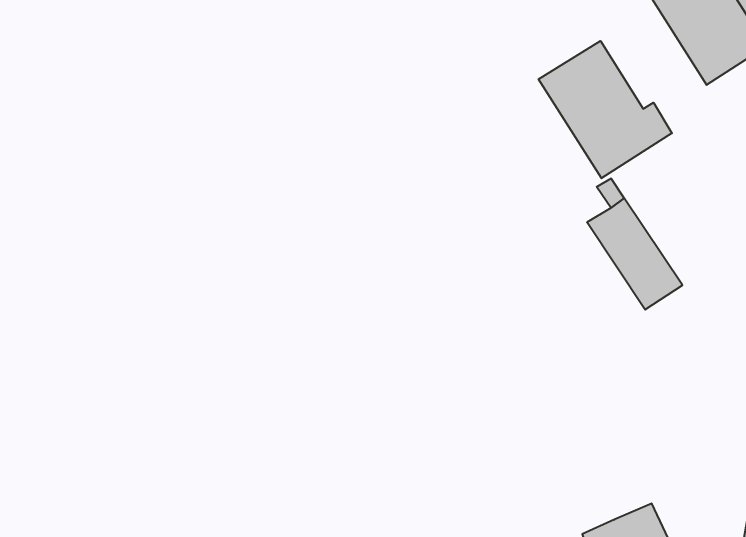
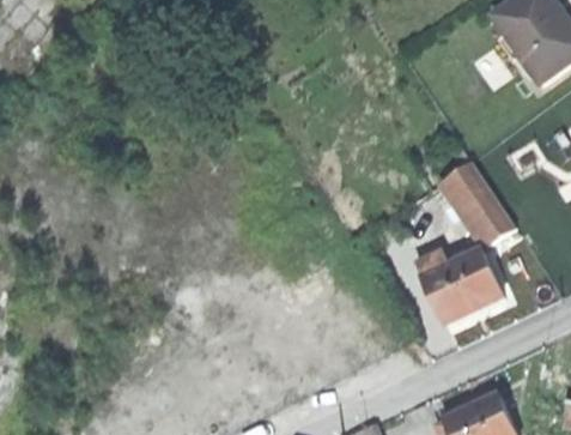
building: [539,41,672,178] -> none
building: none -> [415,253,504,330]

